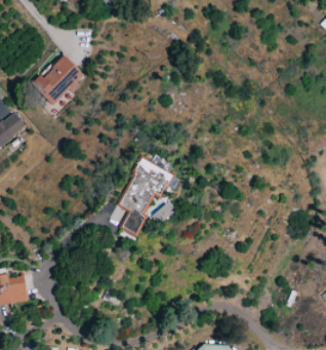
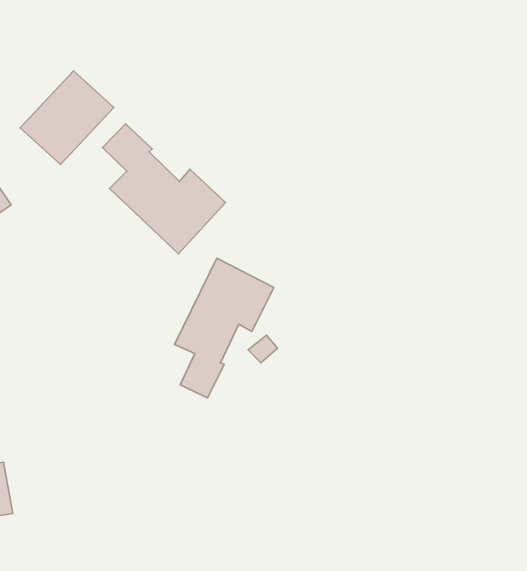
building: none -> [102,124,225,254]

